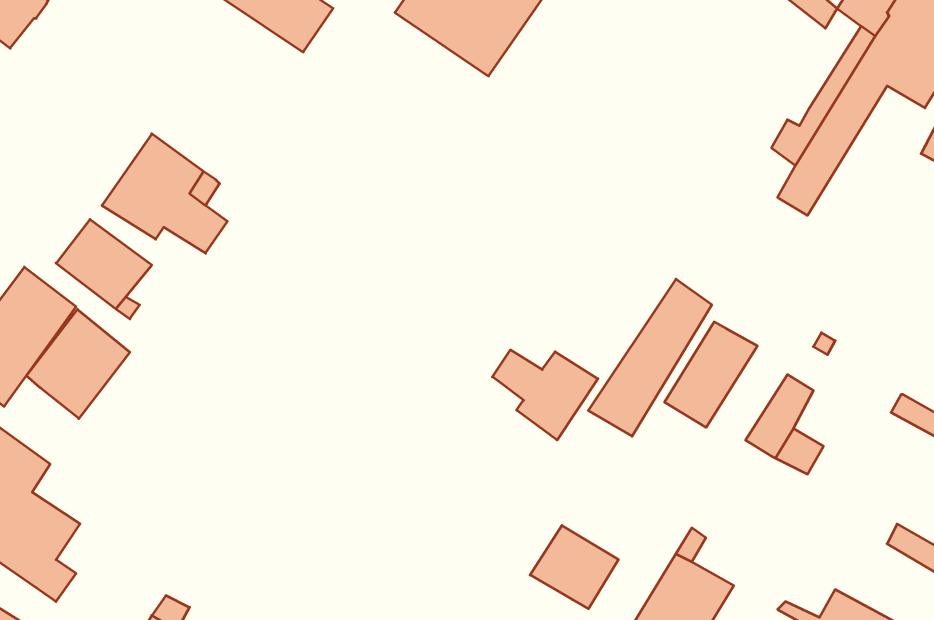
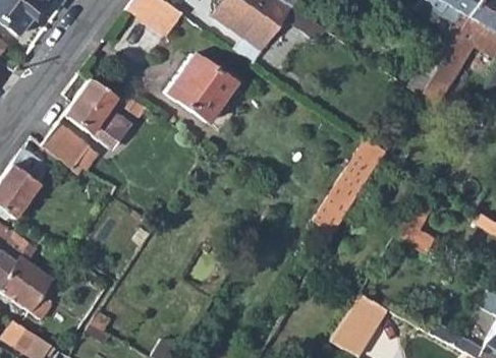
building: none -> [167,56,247,123]
building: [26,309,130,419] -> none
building: [665,322,757,427] -> none
building: [492,350,598,440] -> none
building: [530,525,618,609] -> none

